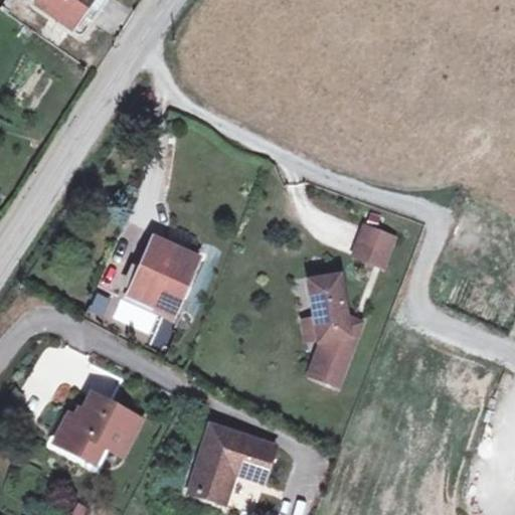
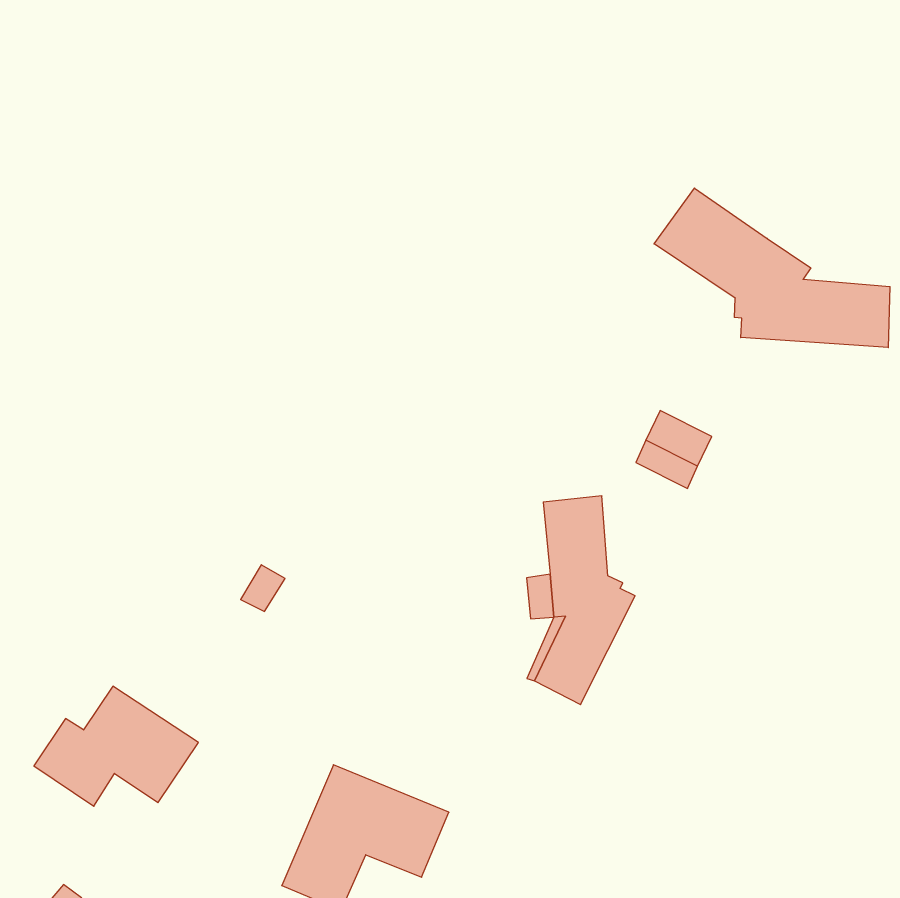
building: none -> [654,188,890,348]
building: [130,238,198,314] -> none

